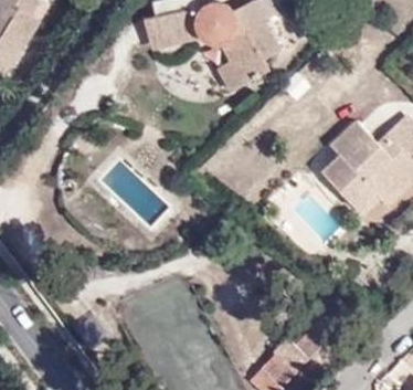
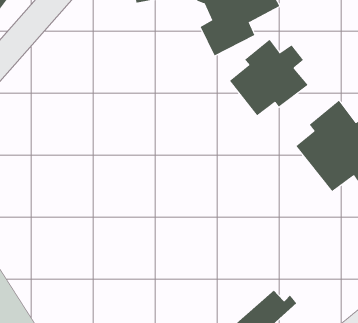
building: none -> [229,39,308,116]

